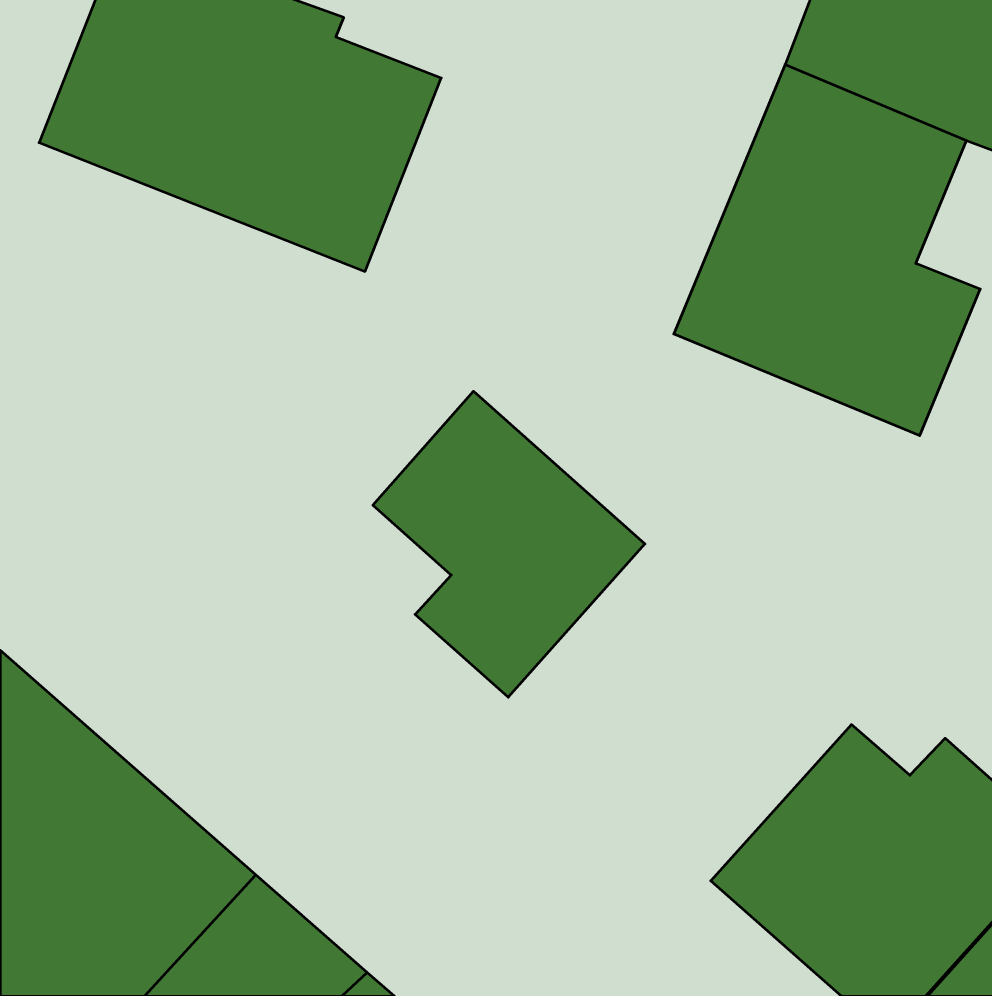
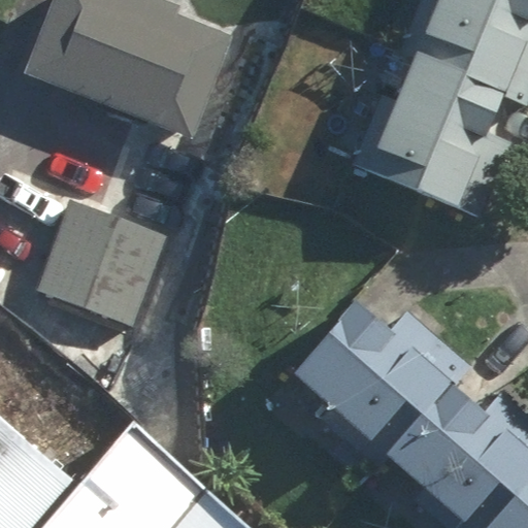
building: none -> [39,201,170,327]
building: [373,391,645,697] -> none
building: none -> [285,298,471,465]

